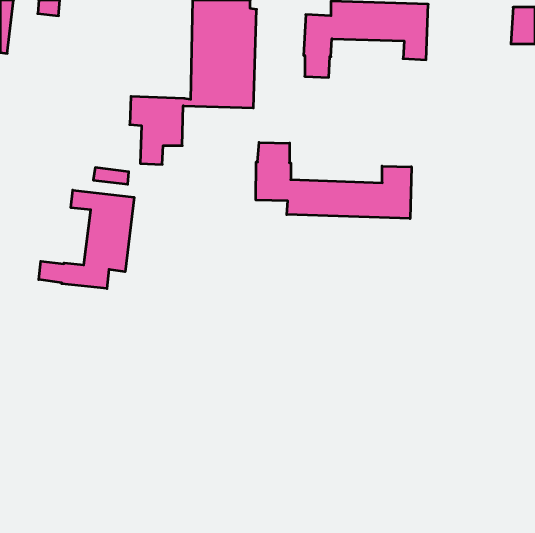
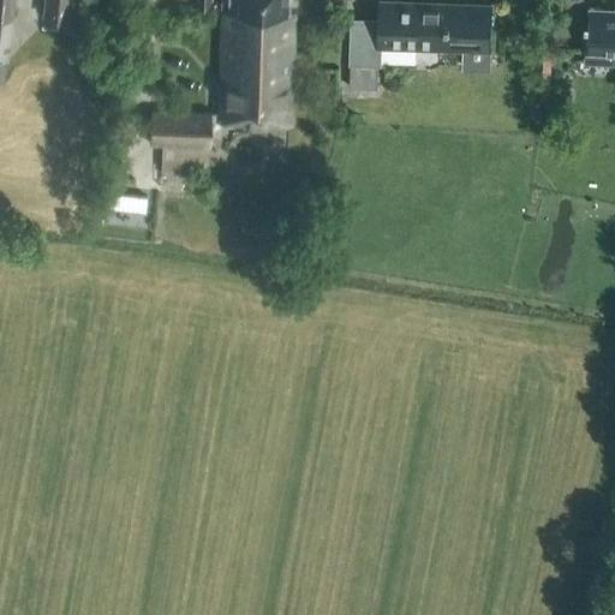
building: [256,142,411,219] -> none
building: [39,190,134,289] -> none

